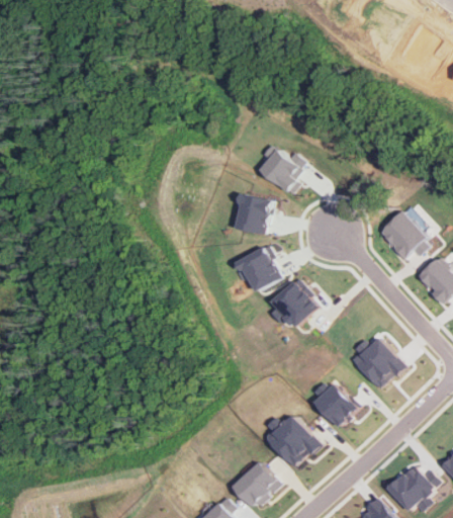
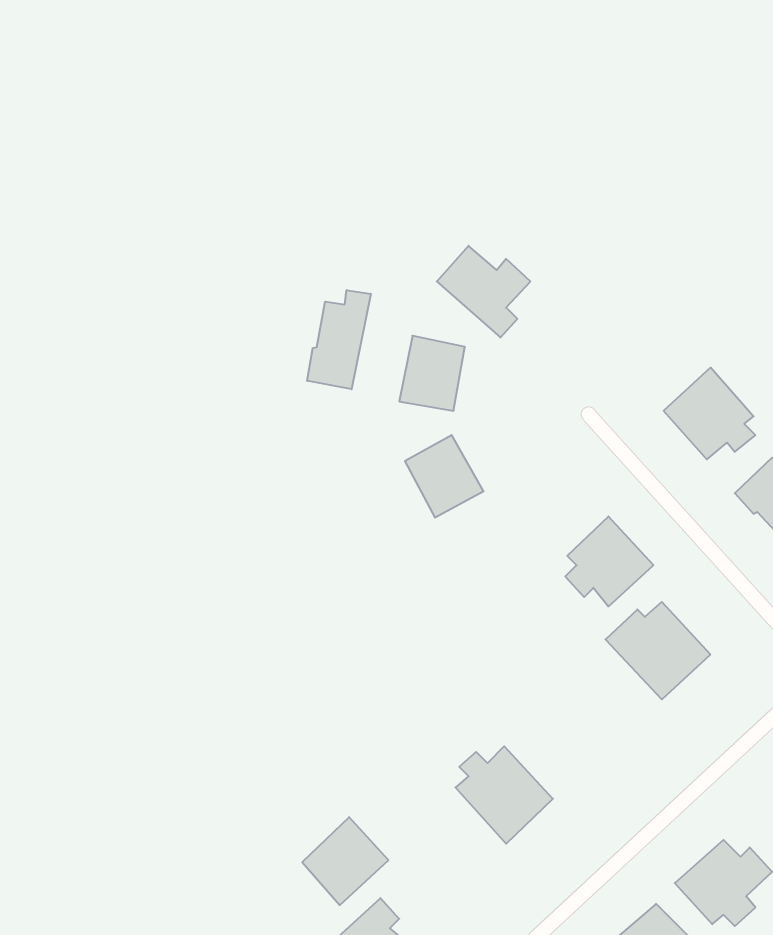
building: none -> [307,290,371,389]
building: [271,280,319,329] -> [565,516,653,606]
building: [313,378,356,426] -> none
building: [236,461,282,509] -> [302,817,388,905]

